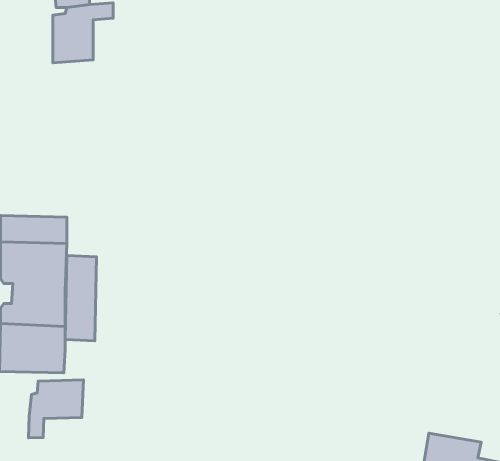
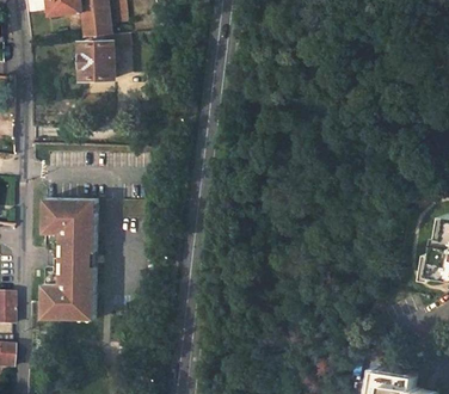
building: [65,256,96,341] -> none
building: [29,380,84,438] -> none

